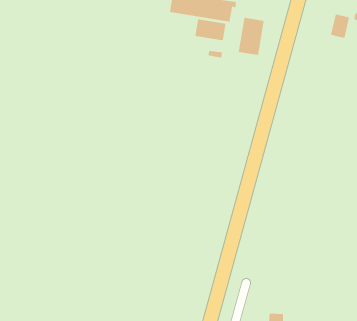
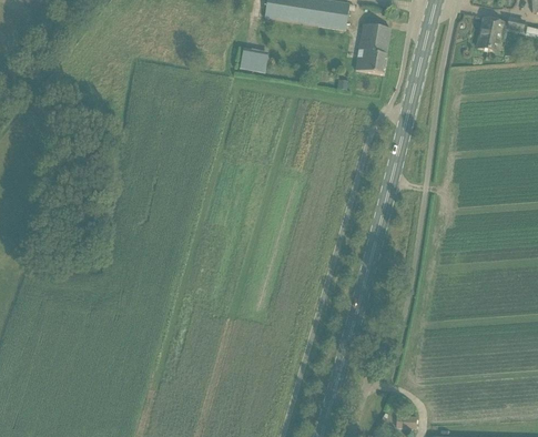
building: [195,18,226,41] -> none
building: none -> [240,47,268,73]

